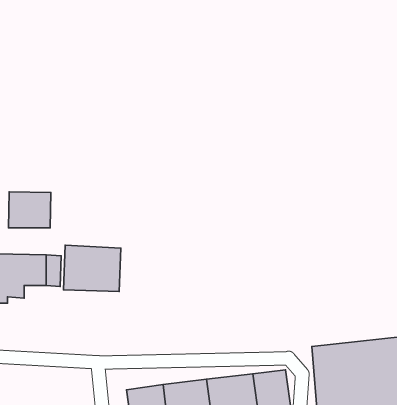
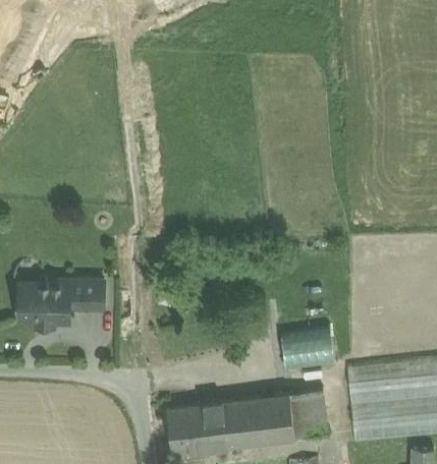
building: [8,192,51,228] -> none
building: [64,245,121,291] -> none
building: none -> [283,335,336,370]

